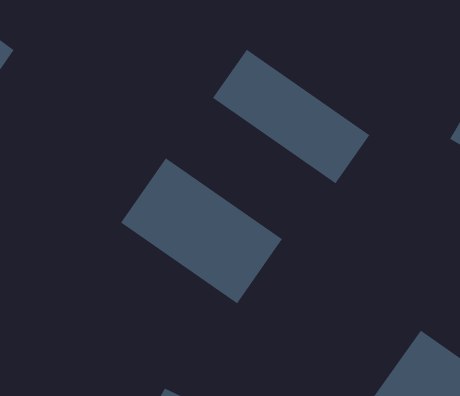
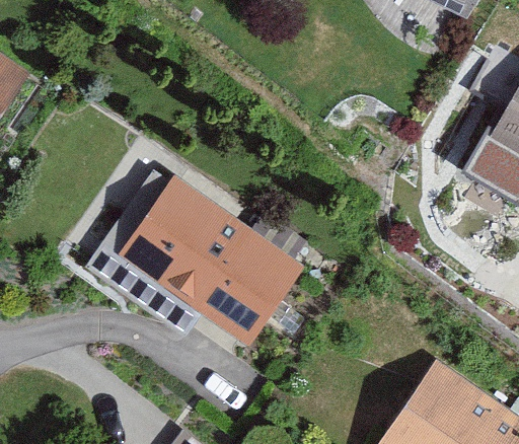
building: [212,49,370,184] -> none

